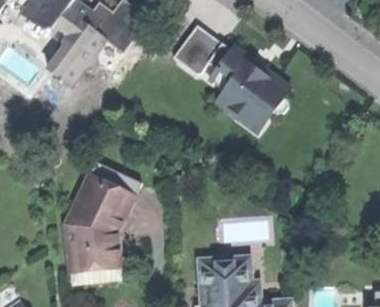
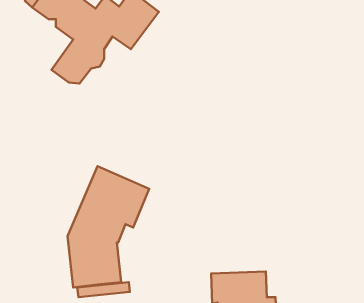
building: [174,25,291,117] -> none

